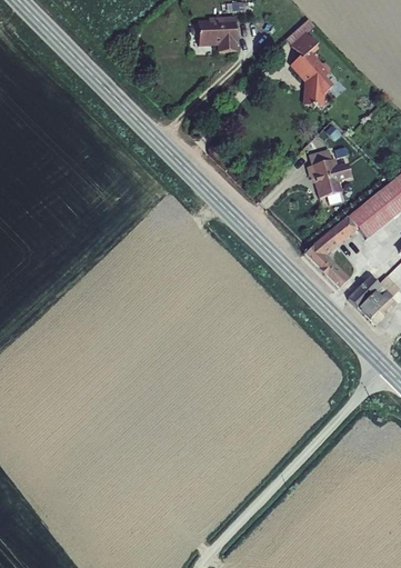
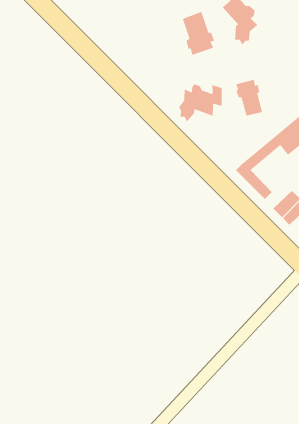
building: none -> [182,11,215,56]
building: none -> [178,83,223,123]

